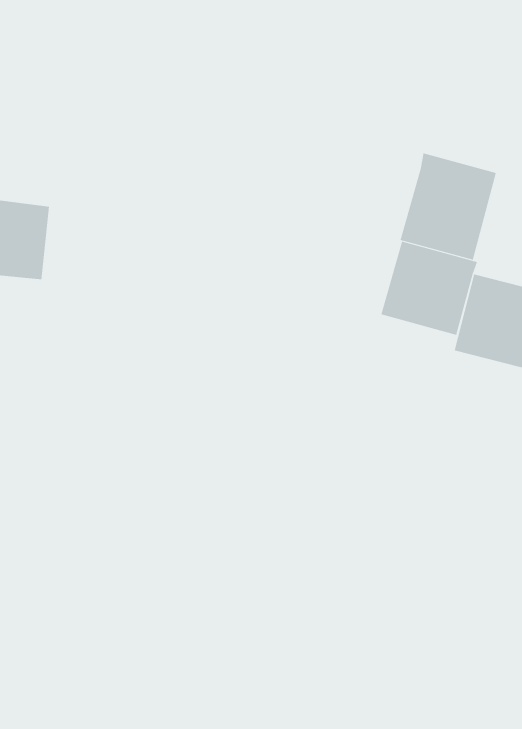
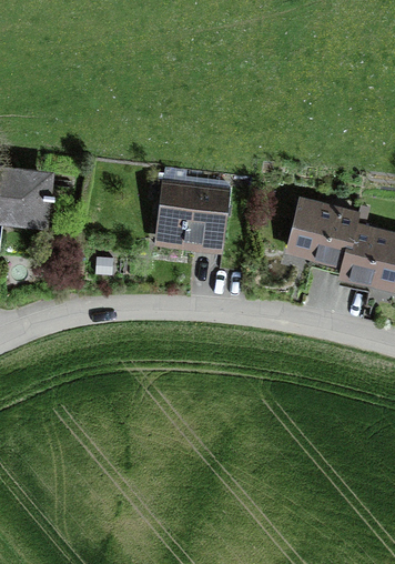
building: [400,152,497,261] -> none
building: none -> [154,181,230,252]

